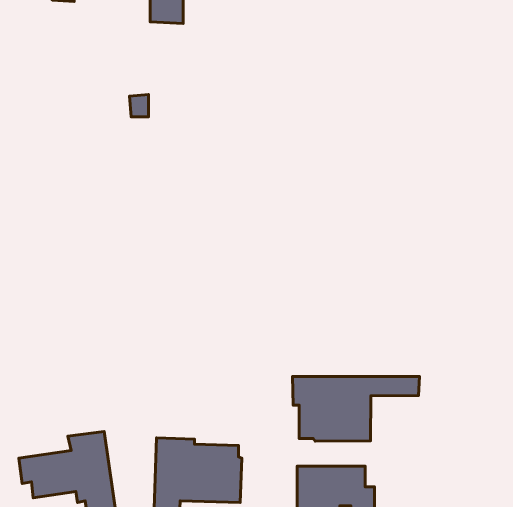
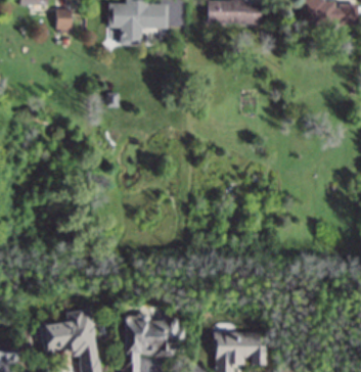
building: [293,377,420,441] -> none

